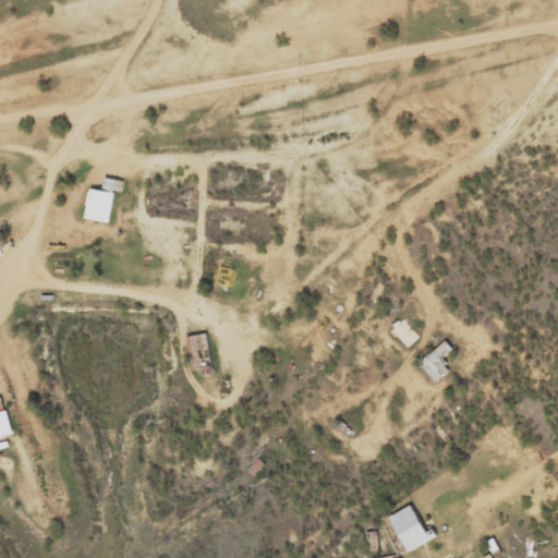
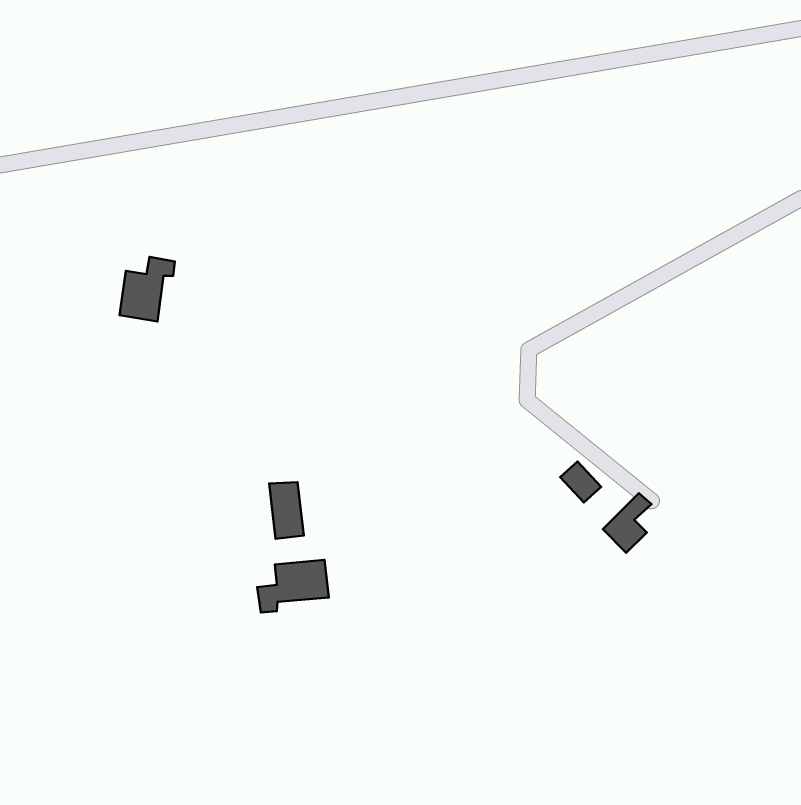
building: none -> [257,560,329,612]
building: [389,505,428,550] -> none

